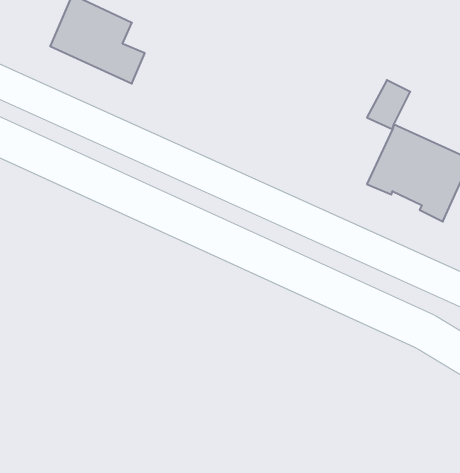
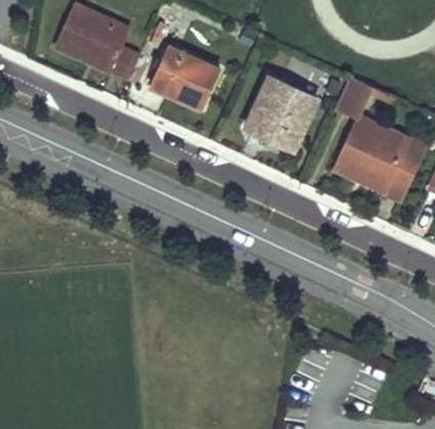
building: none -> [150,46,217,106]
building: none -> [243,74,317,149]

